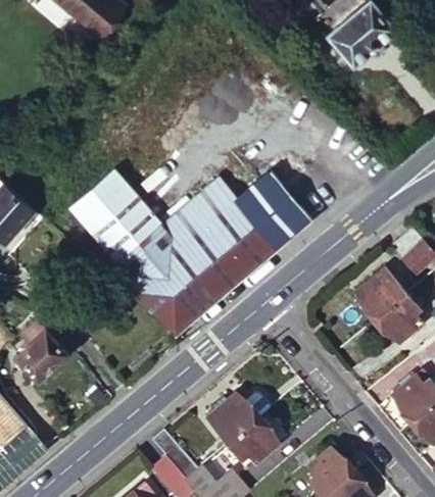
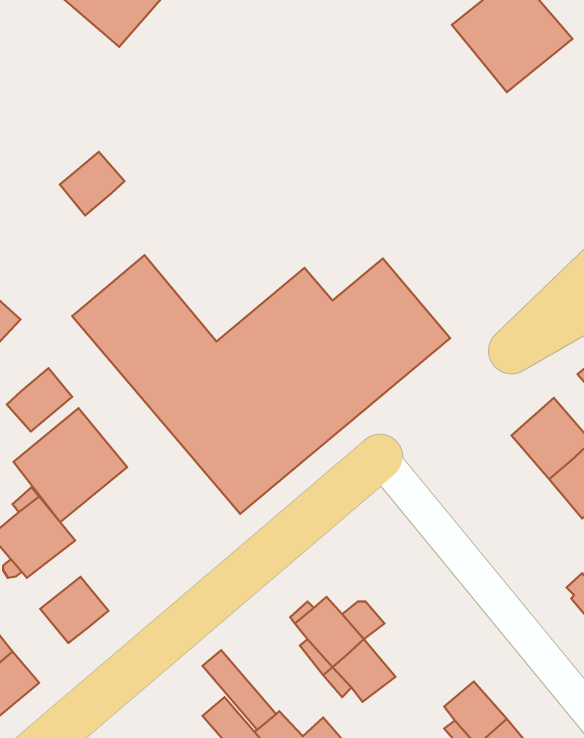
building: none -> [60,152,125,216]
building: none -> [7,368,72,432]
building: none -> [14,408,127,522]
building: none -> [40,577,109,643]

